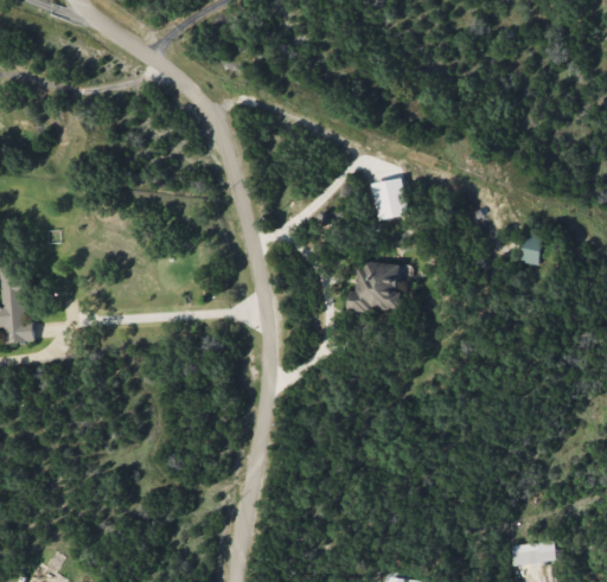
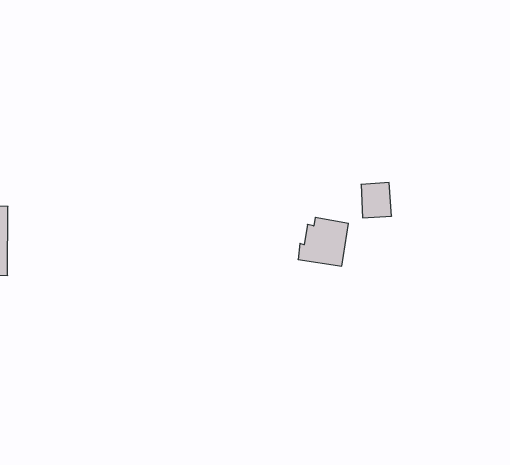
building: [372,179,408,219] -> [361,183,392,218]
building: [520,236,543,266] -> none

